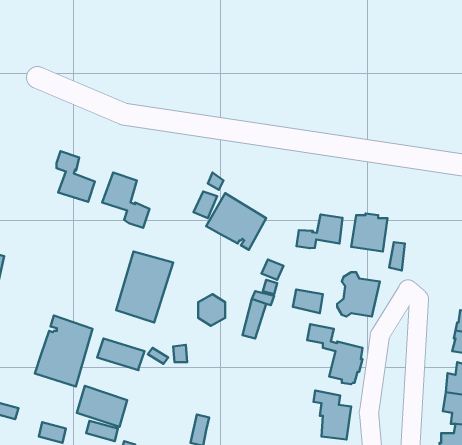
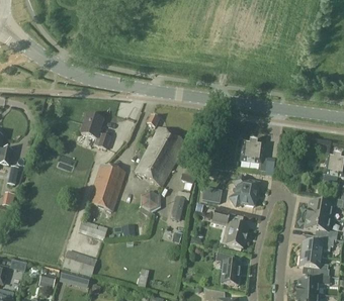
building: [56,151,95,202] -> none
building: [297,214,343,248] -> none
building: none -> [136,147,175,187]
building: [35,316,93,387] -> none

